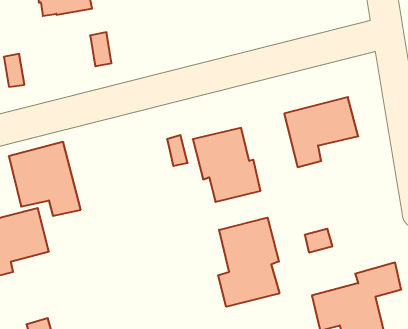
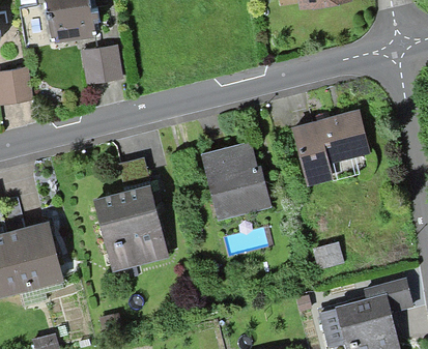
building: [9,142,81,216] -> [94,186,167,261]
building: [218,218,279,307] -> none

